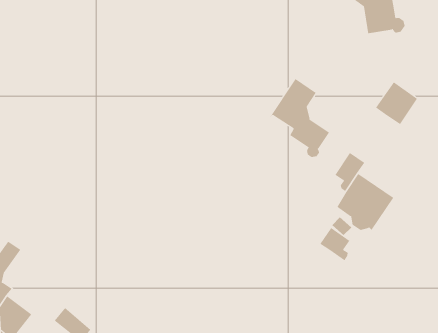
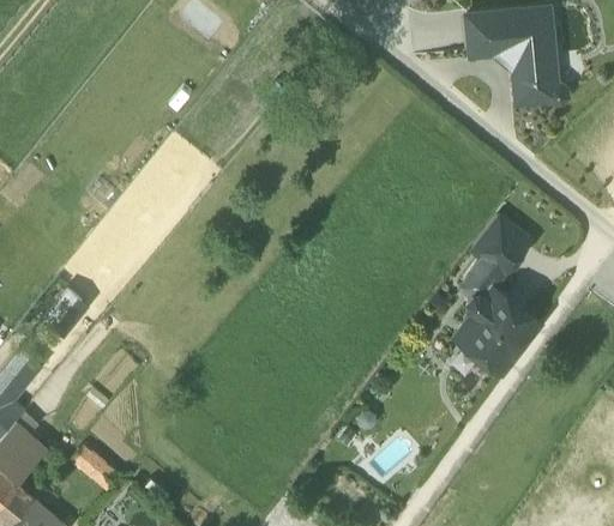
building: [268,78,330,158] -> none
building: [375,81,418,125] -> [470,217,528,276]
building: [320,227,350,261] -> none

